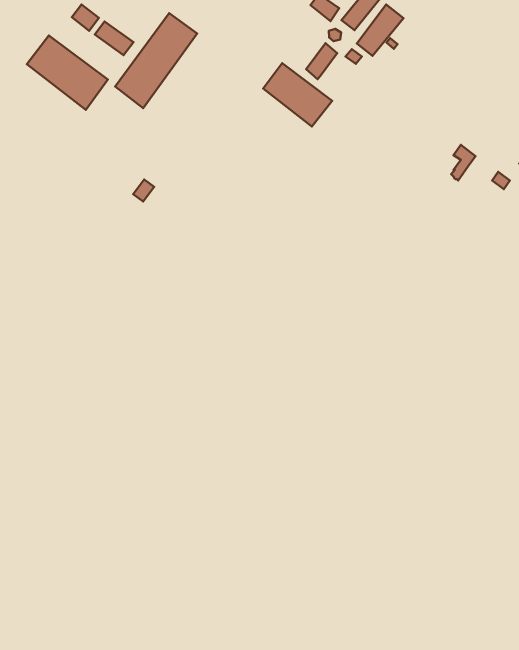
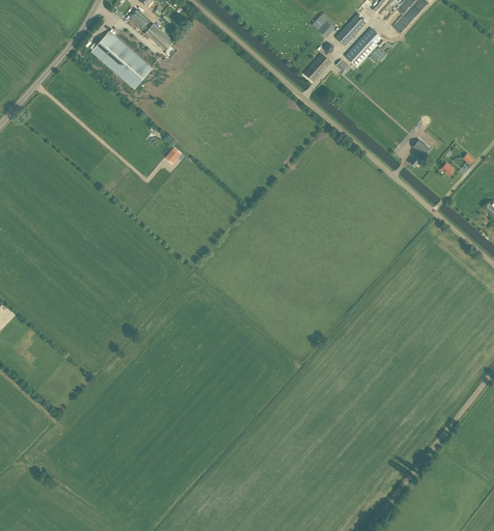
building: [115,13,197,108] -> none
building: [263,63,332,126] -> none

